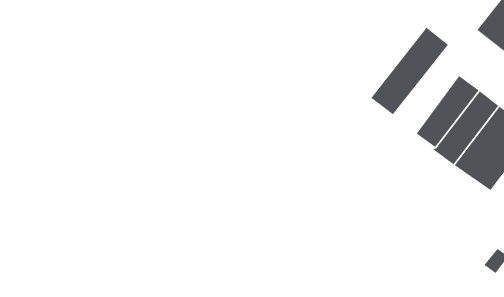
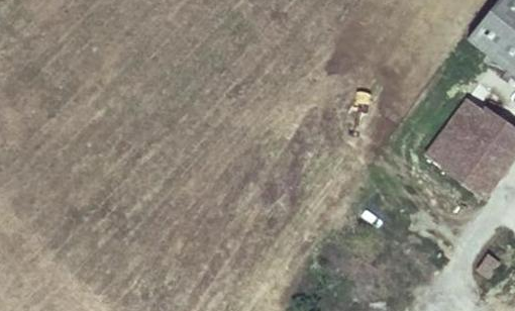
building: [371,27,449,115] -> none

